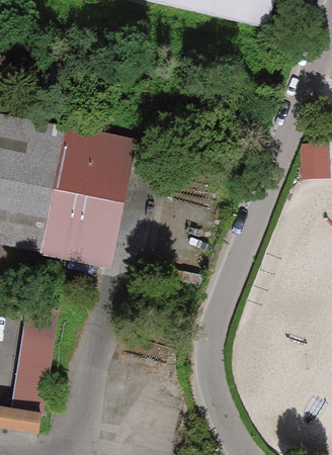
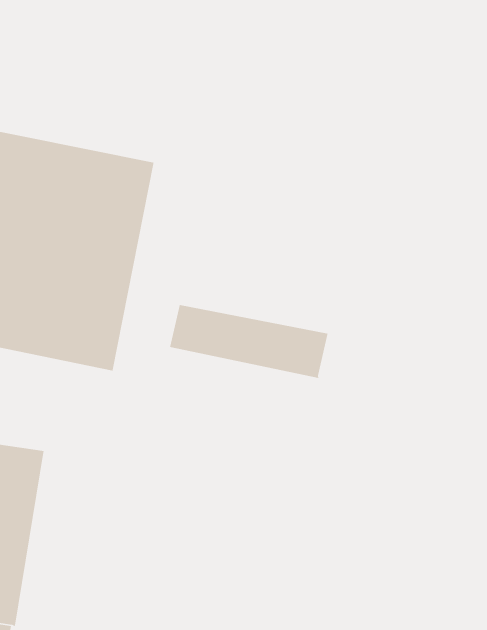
building: none -> [169,304,328,379]

